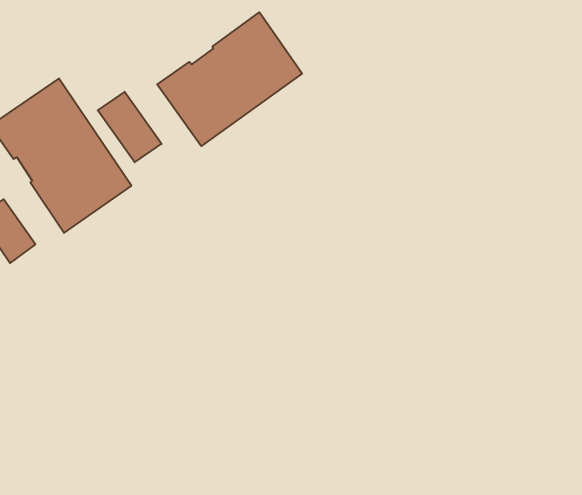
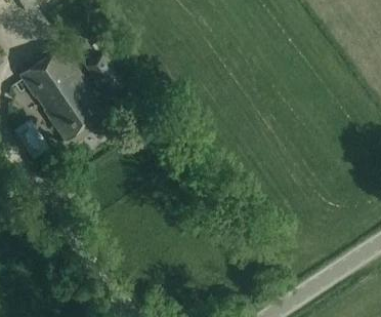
building: [157,12,302,146] -> none

